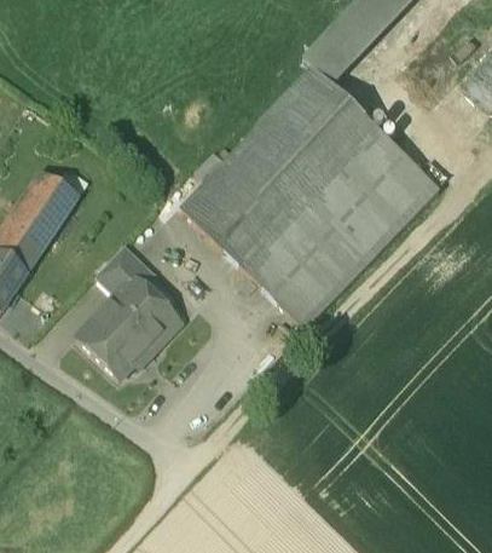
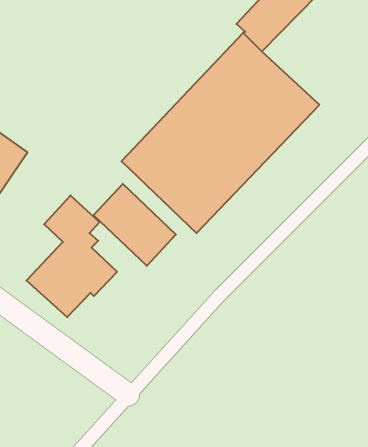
building: [261,143,440,324] -> none
building: none -> [94,184,176,266]

